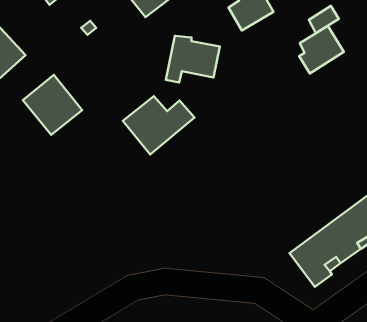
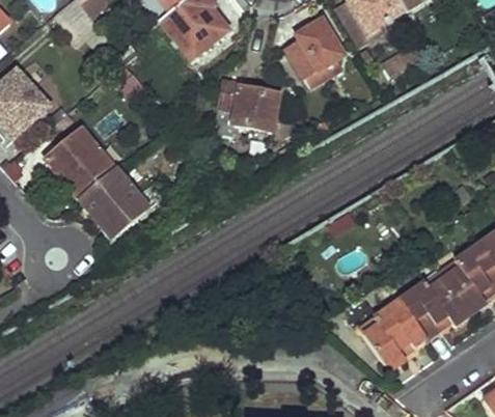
building: [299,26,344,73] -> none
building: [123,96,194,154] -> [79,166,163,234]

